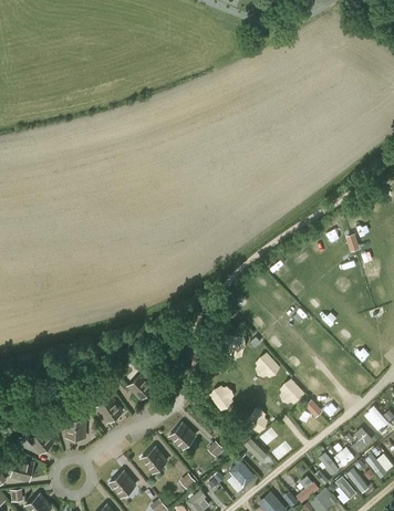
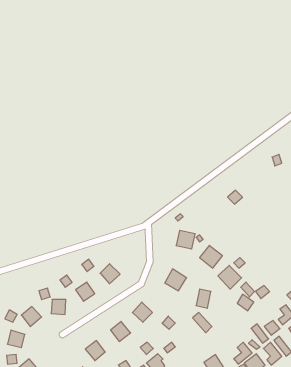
building: [228,459,257,491] -> none

